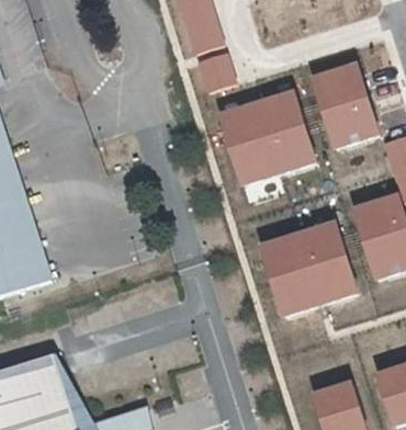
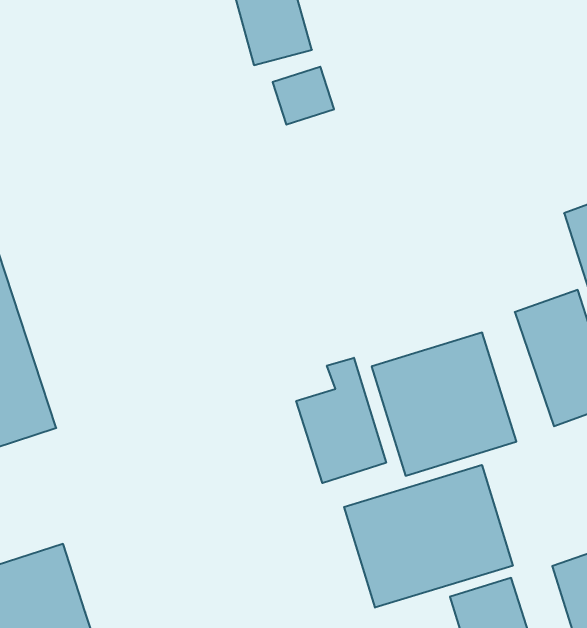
building: [312,60,375,145] -> none
building: [218,89,312,185] -> none
building: none -> [296,358,386,483]
building: none -> [344,465,513,608]

